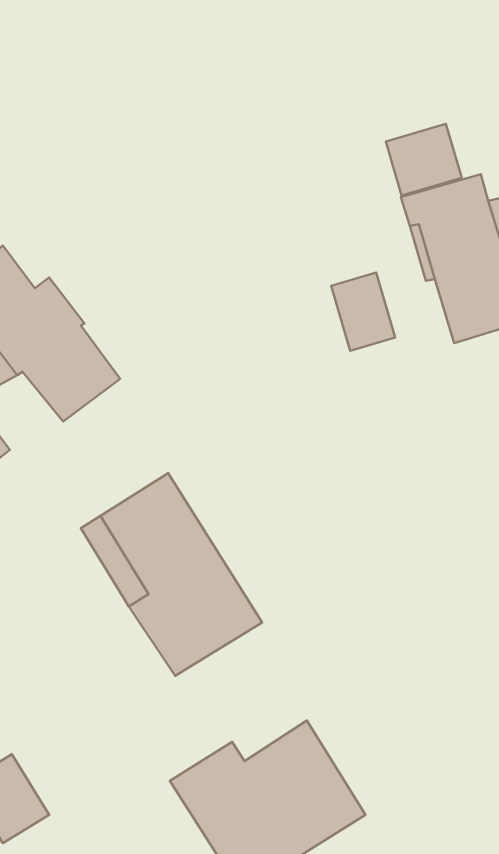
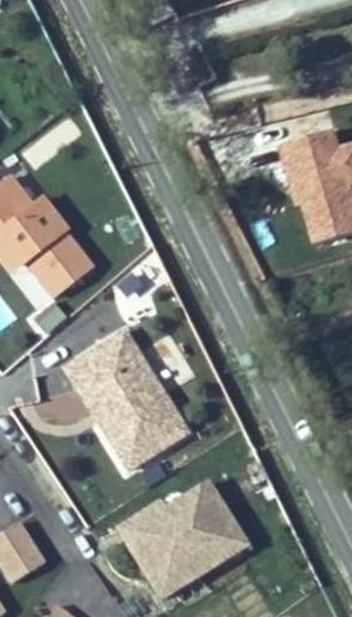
building: [386,124,462,195] -> none
building: [331,273,395,351] -> none

